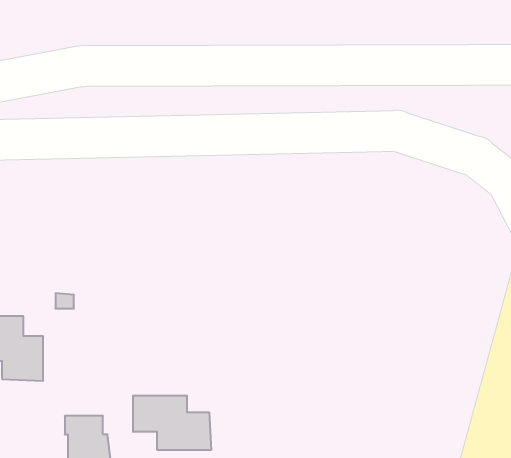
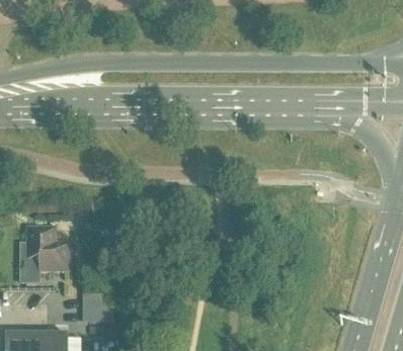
building: [133,396,211,450] -> none

